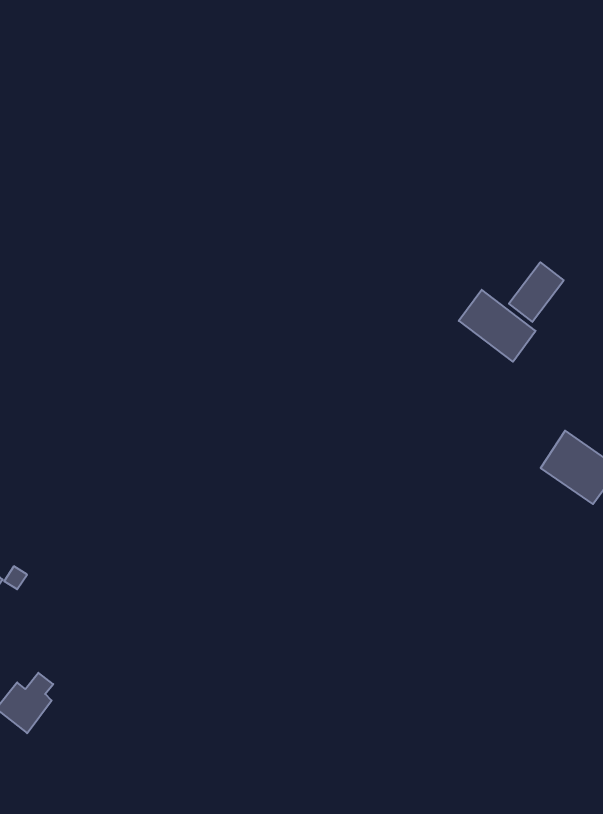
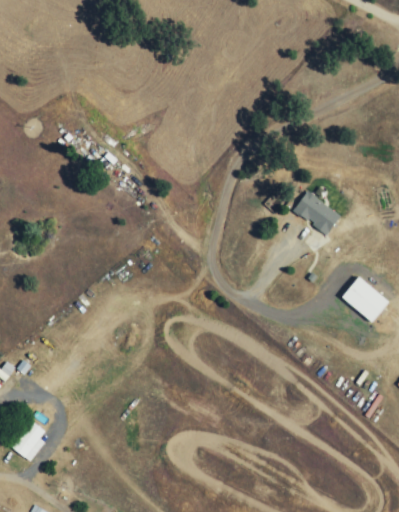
building: [509,262,564,322] -> none

